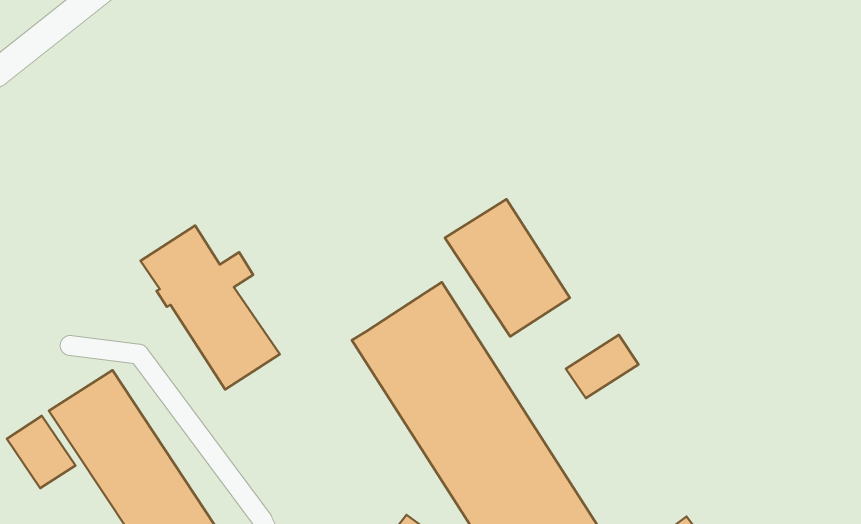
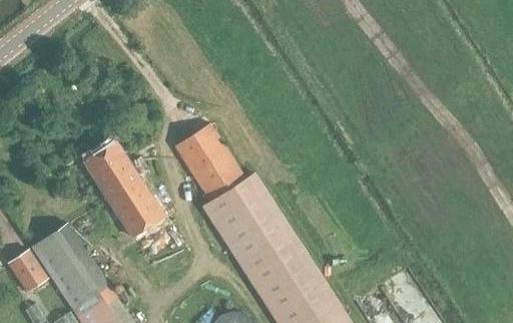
building: [445,199,570,337] -> [175,124,246,203]
building: [566,335,639,398] -> none

